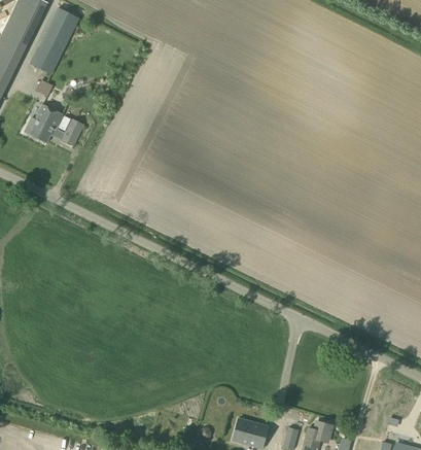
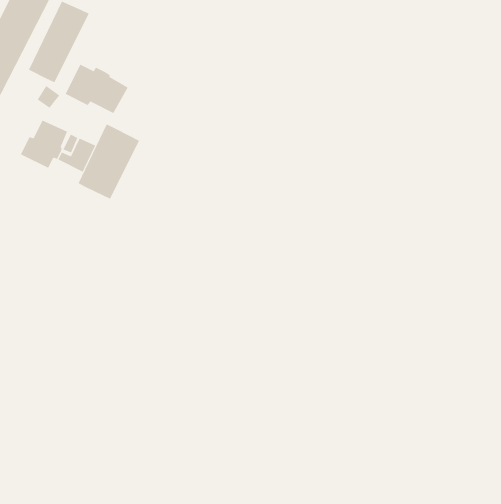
building: none -> [65,64,129,114]
building: none -> [78,124,140,199]

